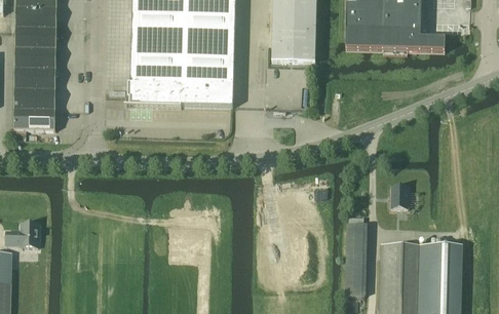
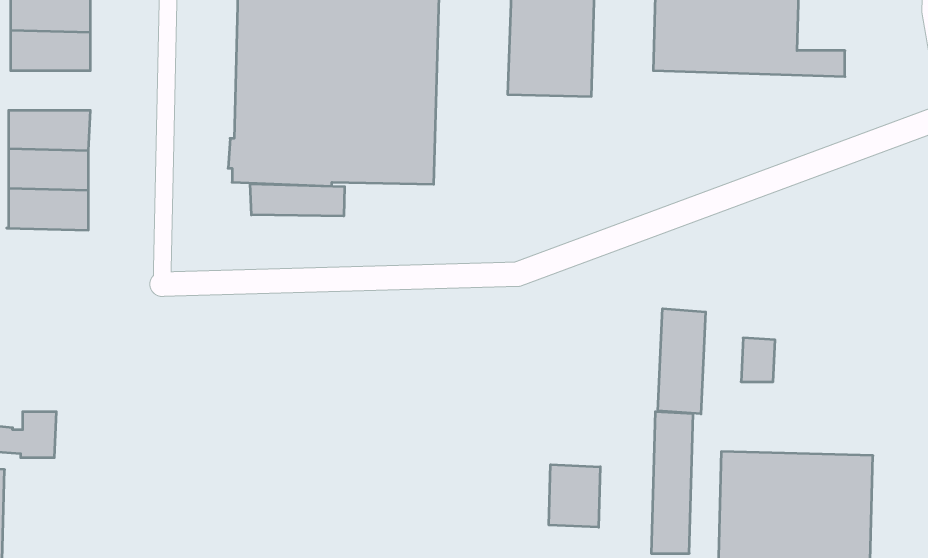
building: [13,46,55,67] -> none
building: none -> [250,184,345,216]
building: none -> [658,309,706,414]
building: none -> [549,465,600,527]

